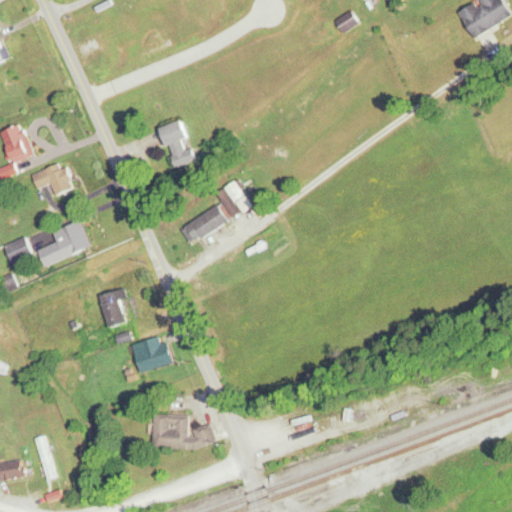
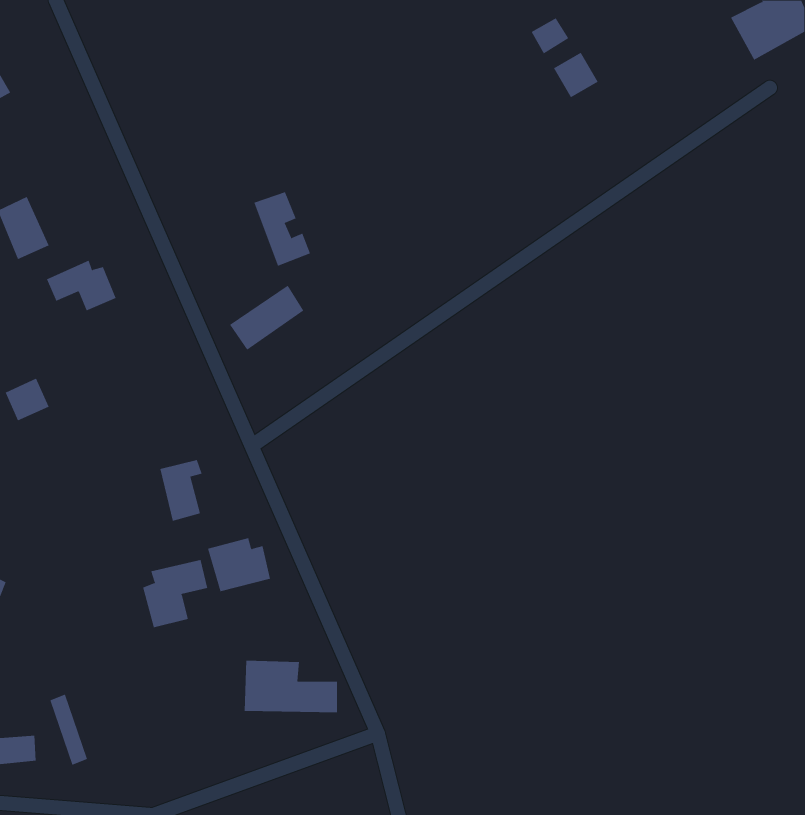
building: none -> [553,52,598,98]
building: [215,181,250,218] -> none
building: [180,204,227,245] -> [229,285,304,350]
building: [36,219,90,267] -> none
building: none -> [142,559,208,628]

